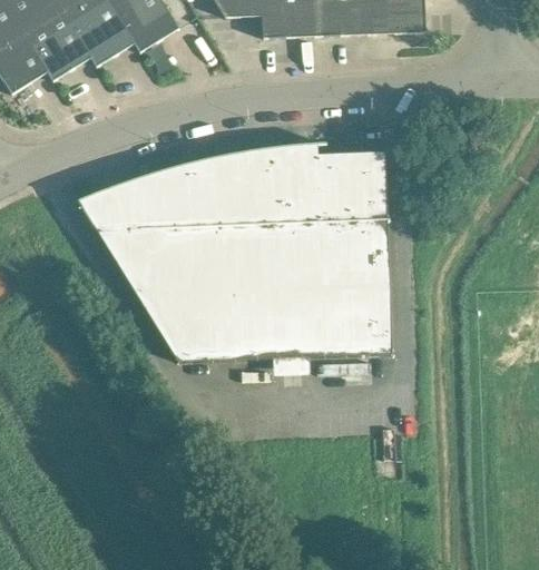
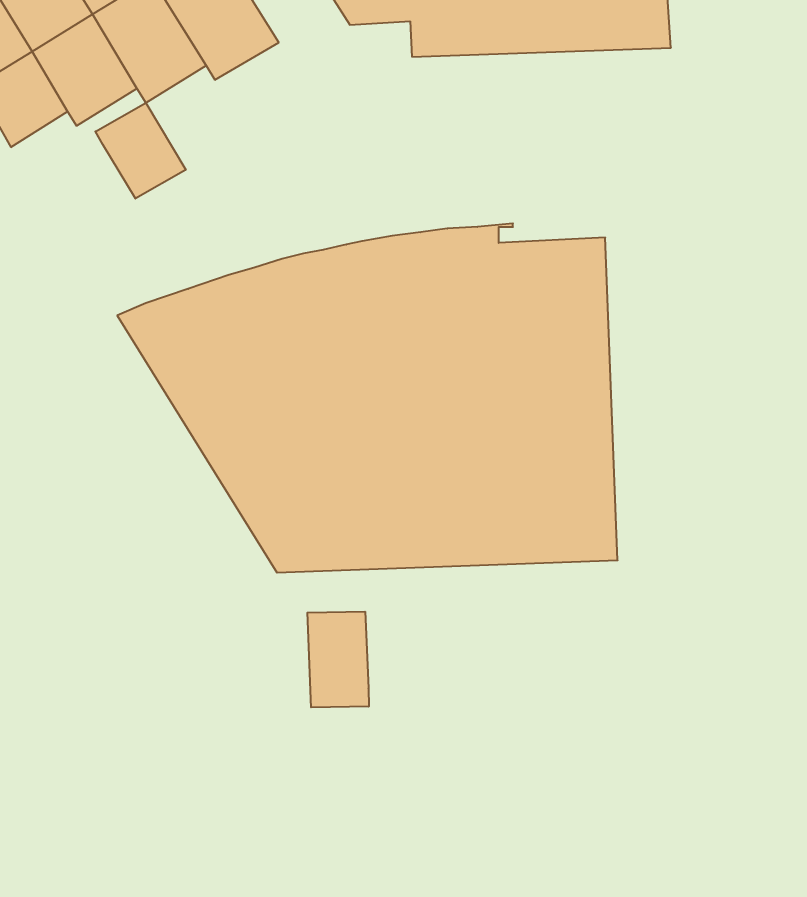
building: none -> [95,103,186,199]
building: none -> [307,612,369,707]

